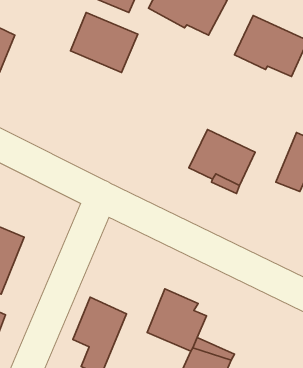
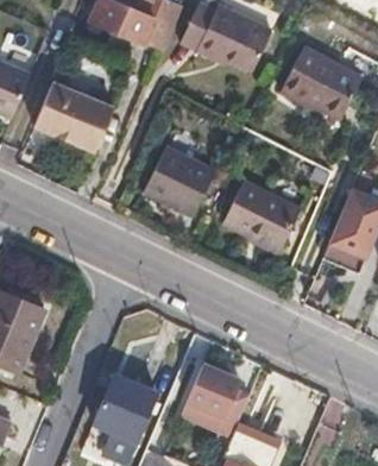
building: [71,13,138,73] -> [33,82,111,151]
building: none -> [147,147,219,219]

